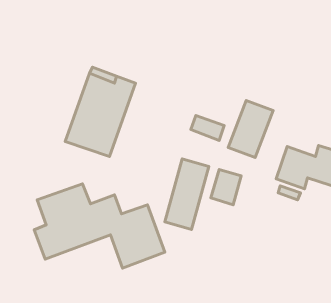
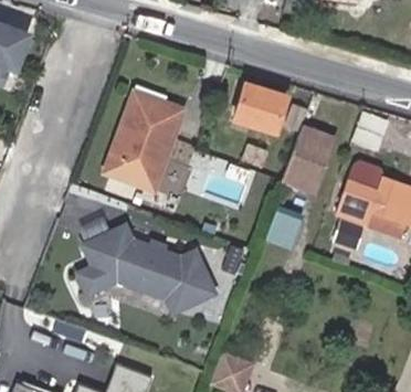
building: none -> [239,86,292,136]
building: [165,159,209,230] -> none

